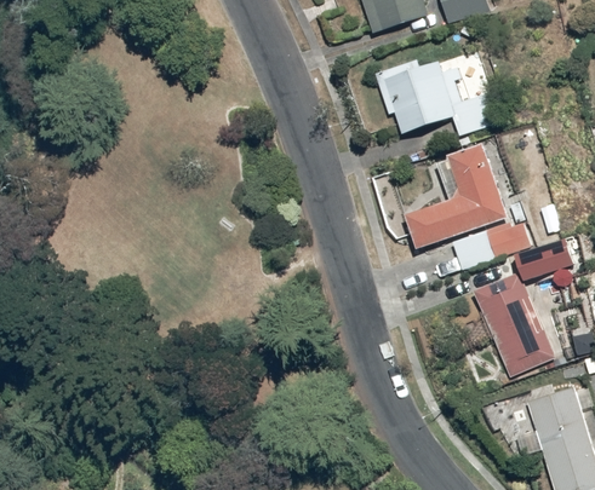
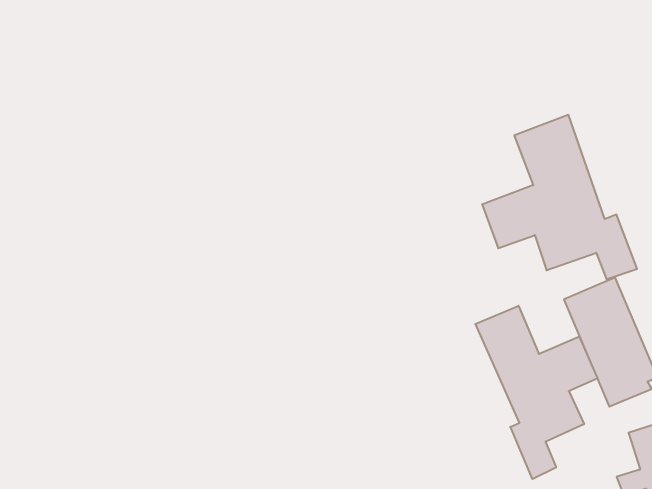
building: [374,58,499,133] -> none
building: none -> [475,306,597,479]

